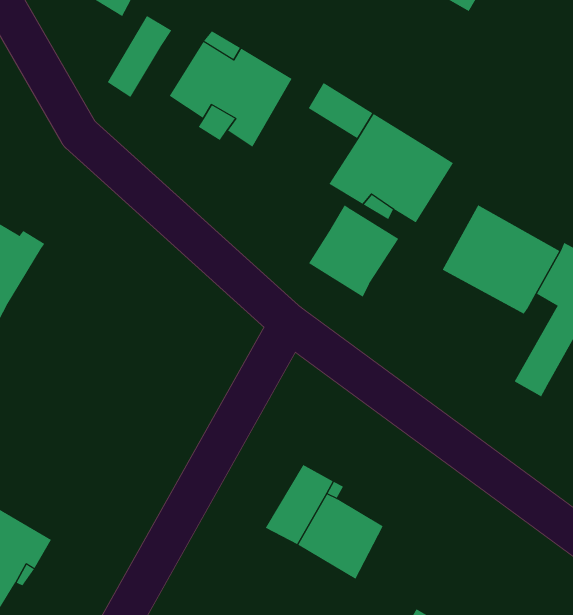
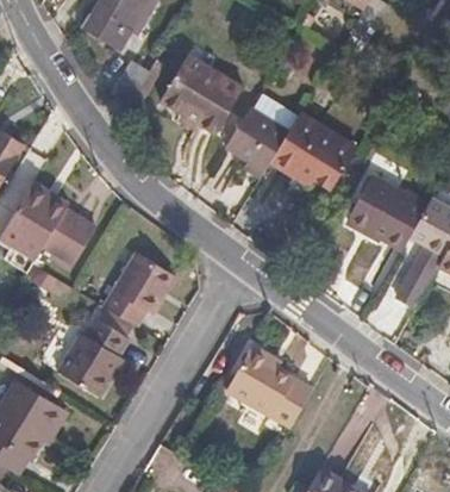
building: [308,205,399,297] -> [223,106,286,170]
building: none -> [43,206,96,264]
building: none -> [105,253,174,323]
building: none -> [61,316,129,394]

